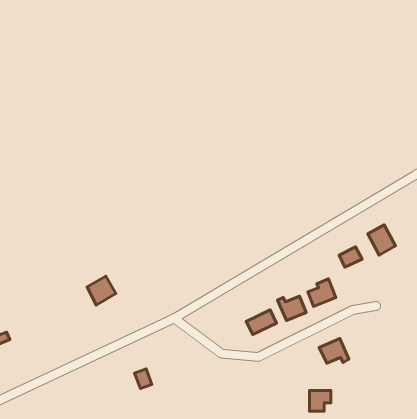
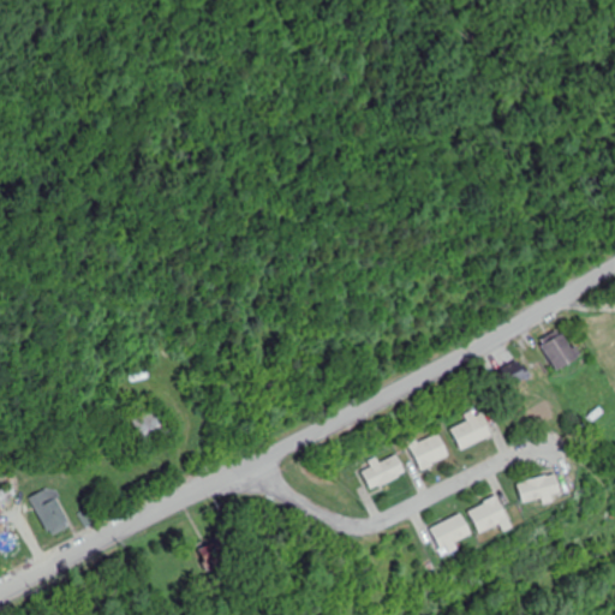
building: none -> [515,472,562,503]
building: none -> [29,486,68,537]
building: [310,391,331,411] -> [435,520,466,550]

